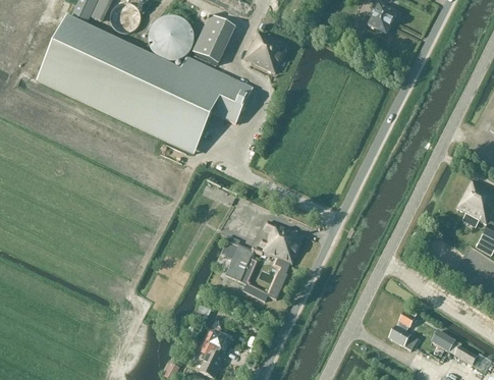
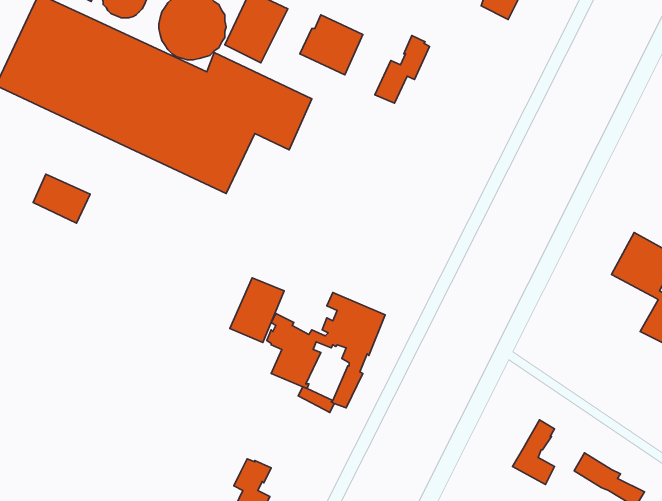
building: none -> [375,35,429,103]
building: none -> [33,174,90,223]
building: none -> [230,278,284,343]

